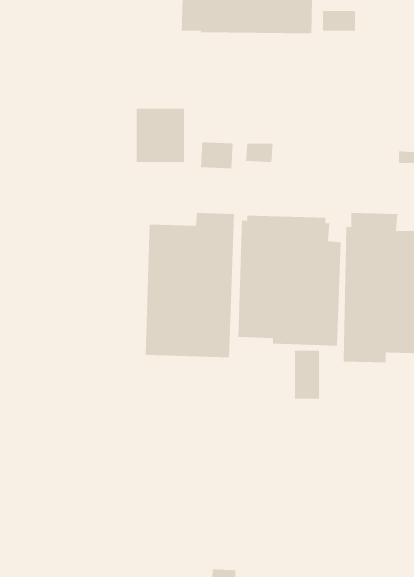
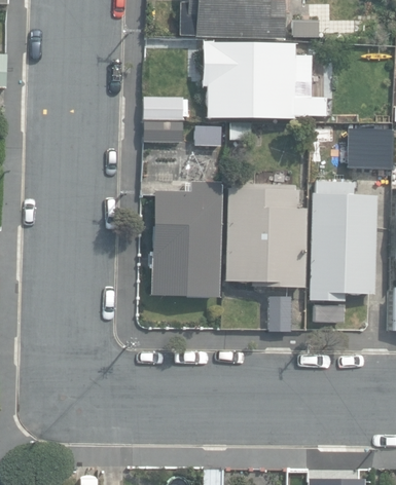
building: none -> [202,41,326,119]

